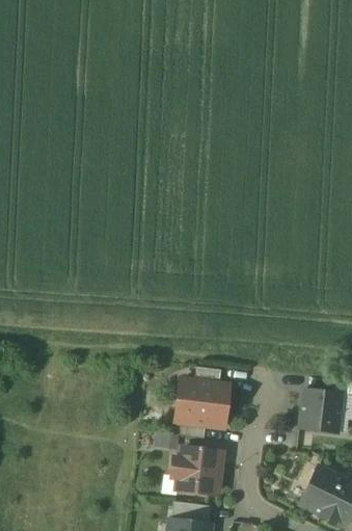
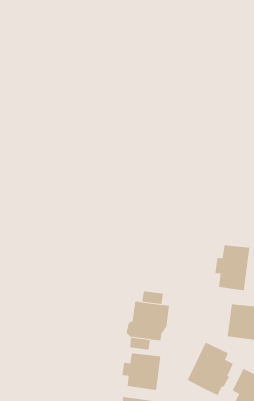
building: none -> [215,245,250,291]
building: none -> [187,342,233,396]

